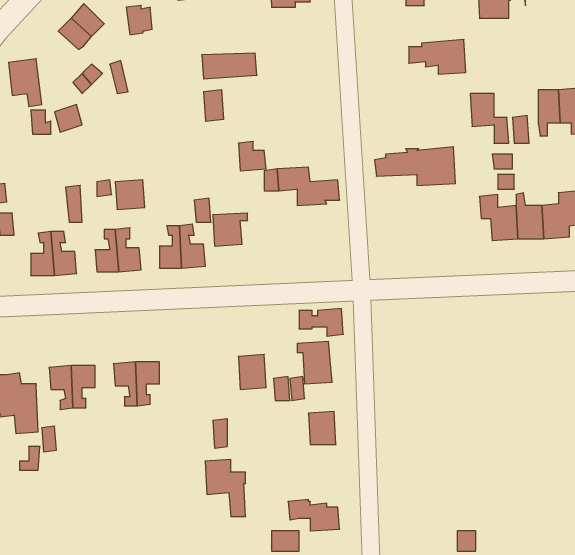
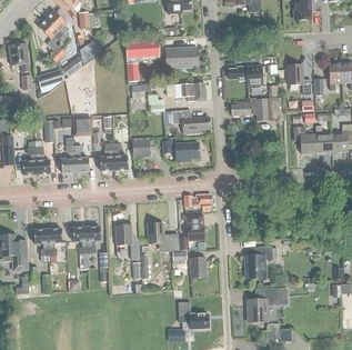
building: [409,39,466,74] -> [229,64,263,86]
building: none -> [165,47,199,68]
building: none -> [173,82,205,101]
building: none -> [162,140,199,161]
building: none -> [247,247,273,279]
building: [205,459,246,516] -> [115,224,140,259]
building: none -> [248,288,288,323]

